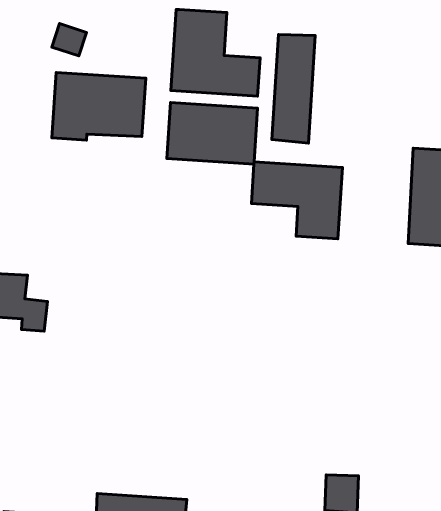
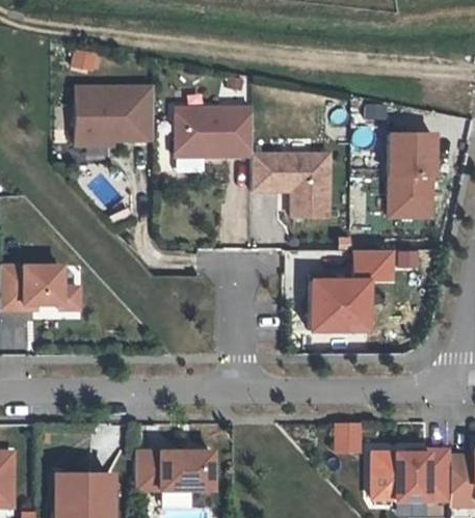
building: [171,9,260,96] -> none
building: [272,35,315,143] -> none
building: none -> [309,252,395,328]

